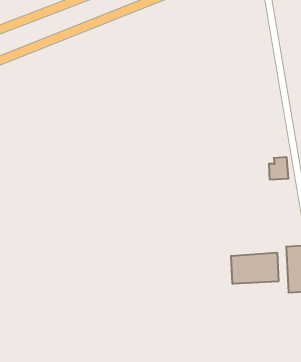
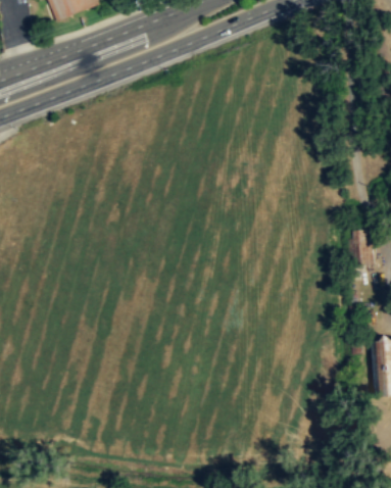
building: [231,253,278,284] -> none

